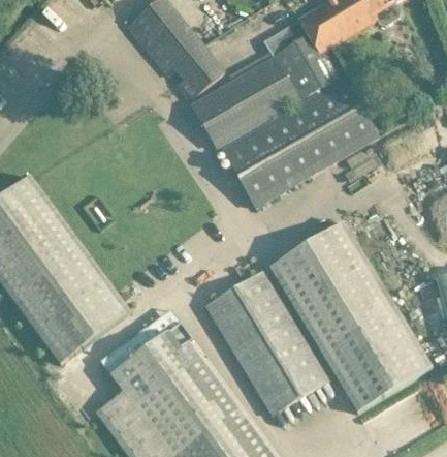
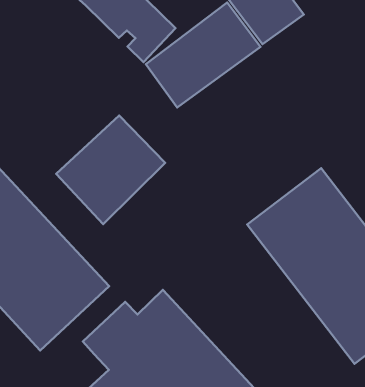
building: [220,78,378,207] -> none
building: none -> [56,115,165,224]
building: [203,270,329,415] -> none

